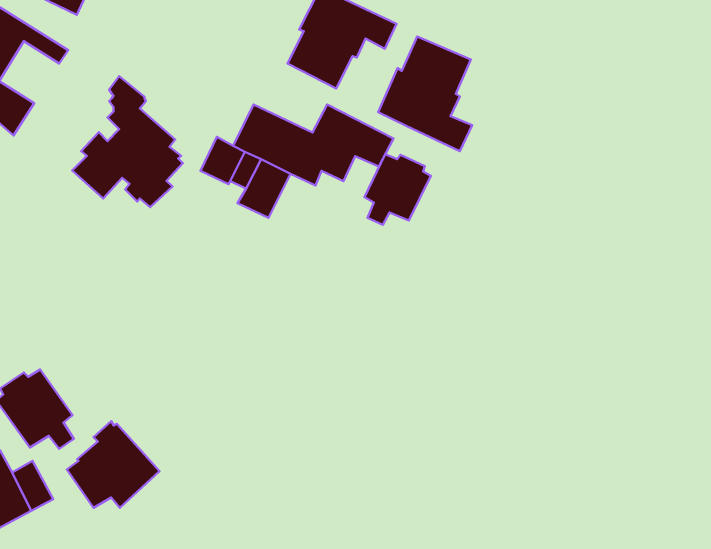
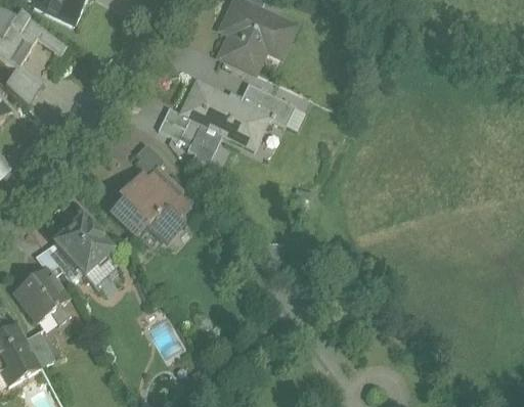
building: [378,36,472,151] -> none
building: [72,76,183,207] -> [111,147,187,238]
building: [364,154,431,225] -> none
building: [67,421,160,508] -> [46,215,111,275]

